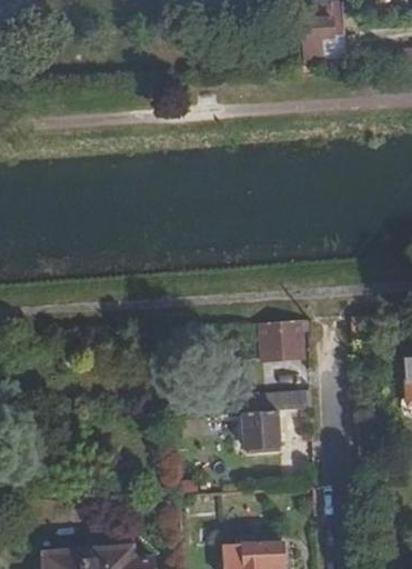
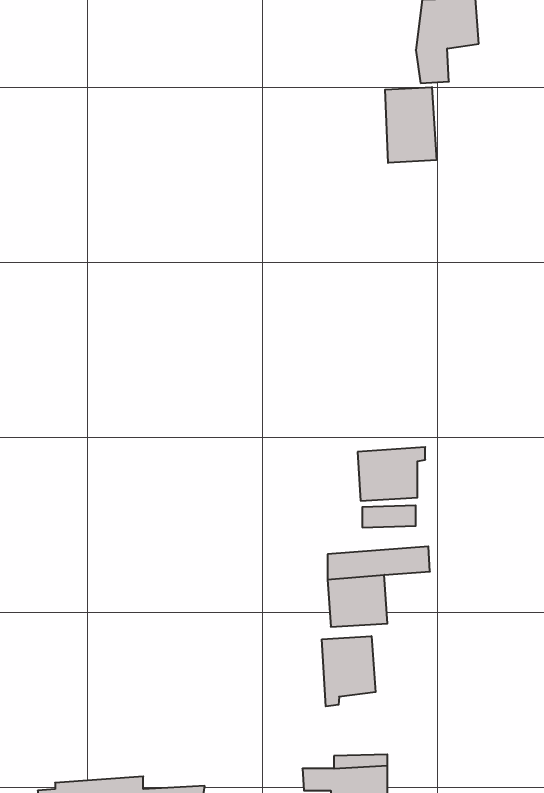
building: none -> [385,87,436,163]
building: none -> [322,636,376,706]

